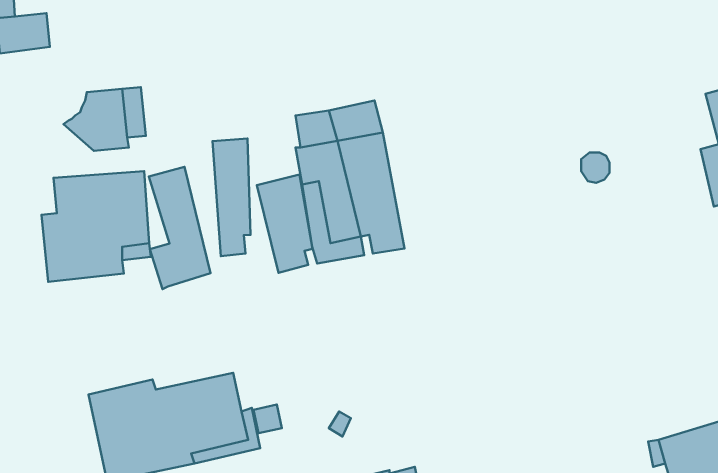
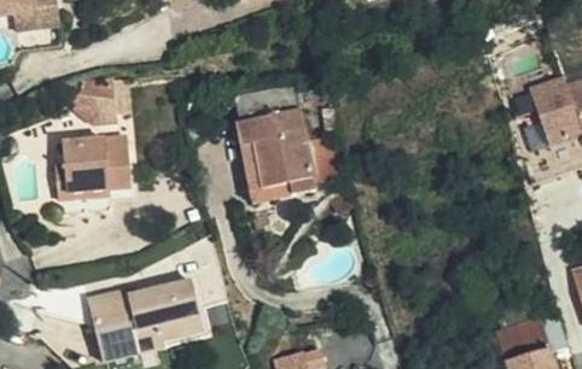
building: [212,138,250,256] -> none
building: [149,167,211,289] -> none
building: [257,174,313,273] -> none

